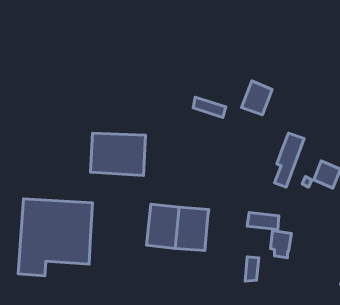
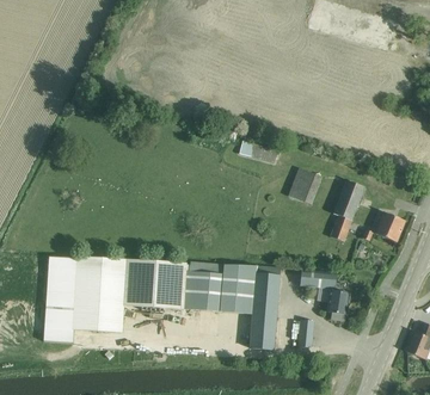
building: [241,81,272,115] -> [289,163,324,202]
building: [90,133,145,175] -> [123,260,185,308]
building: none -> [248,274,280,351]

